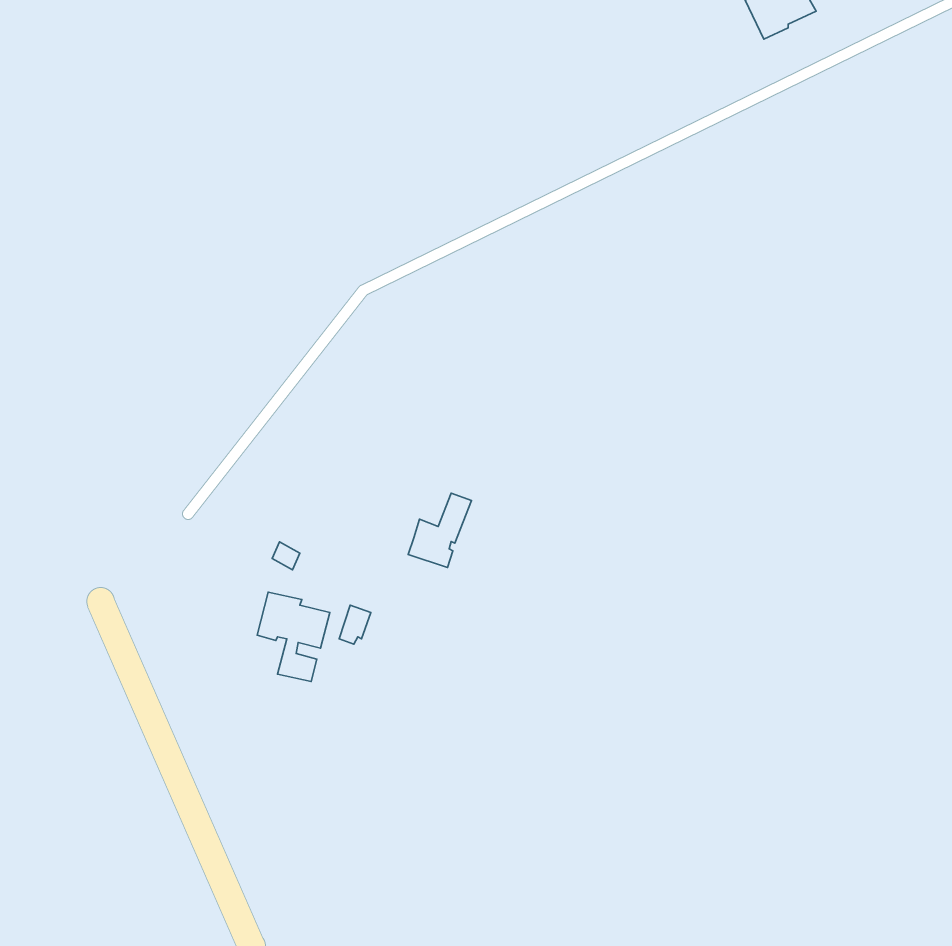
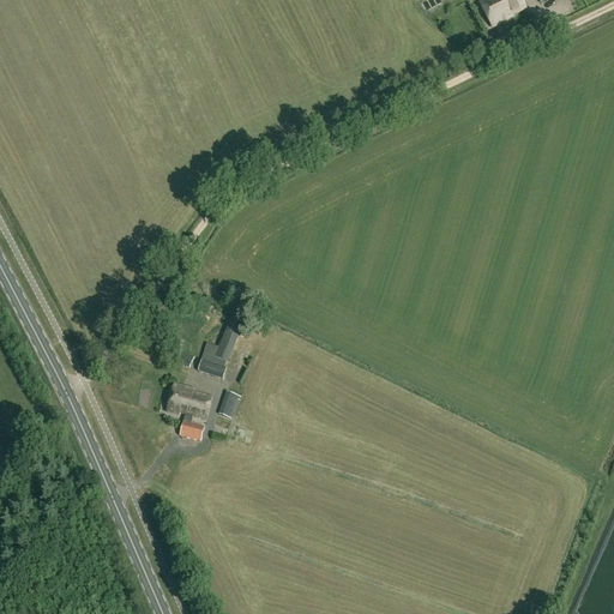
building: [408,493,472,568] -> [198,330,239,378]

